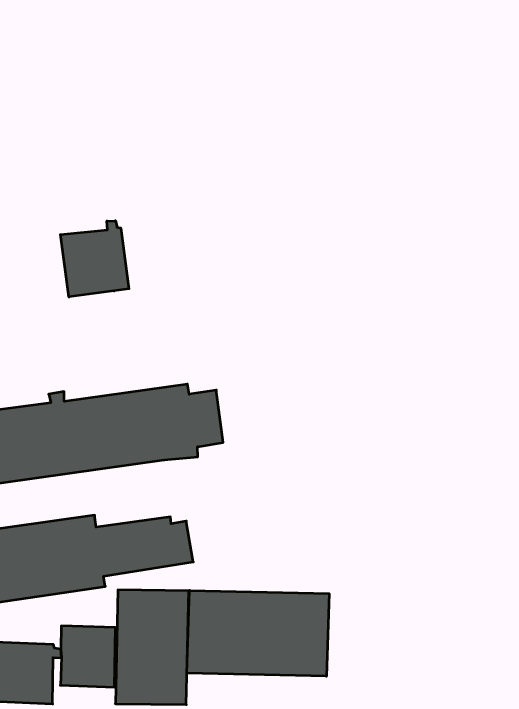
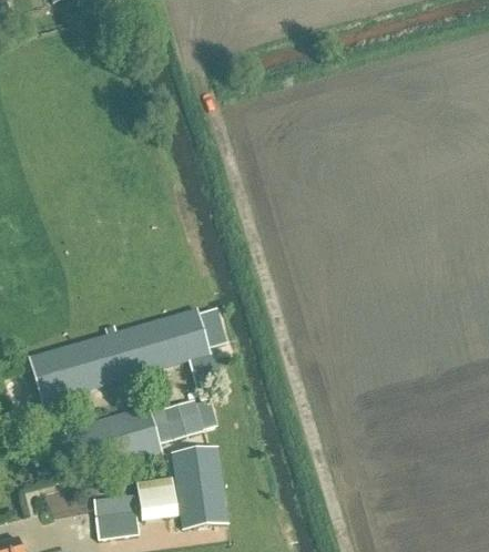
building: [60,221,129,297] -> none
building: [187,590,329,676] -> none

